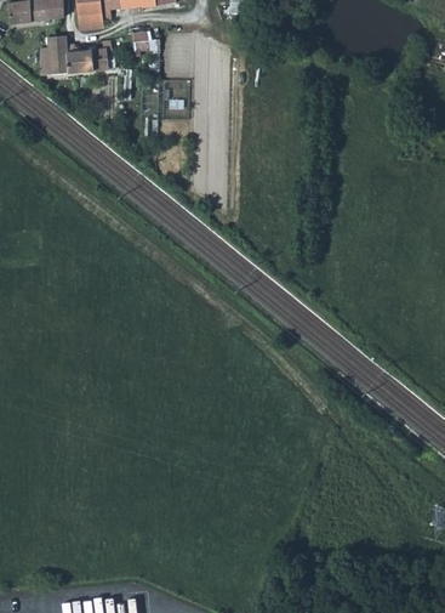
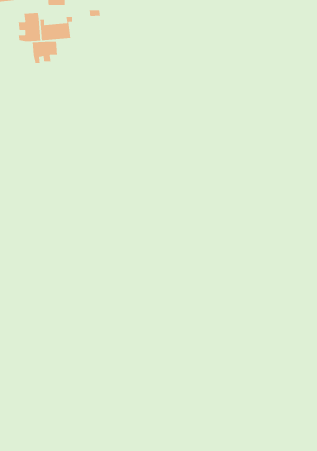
building: none -> [32,41,58,64]

